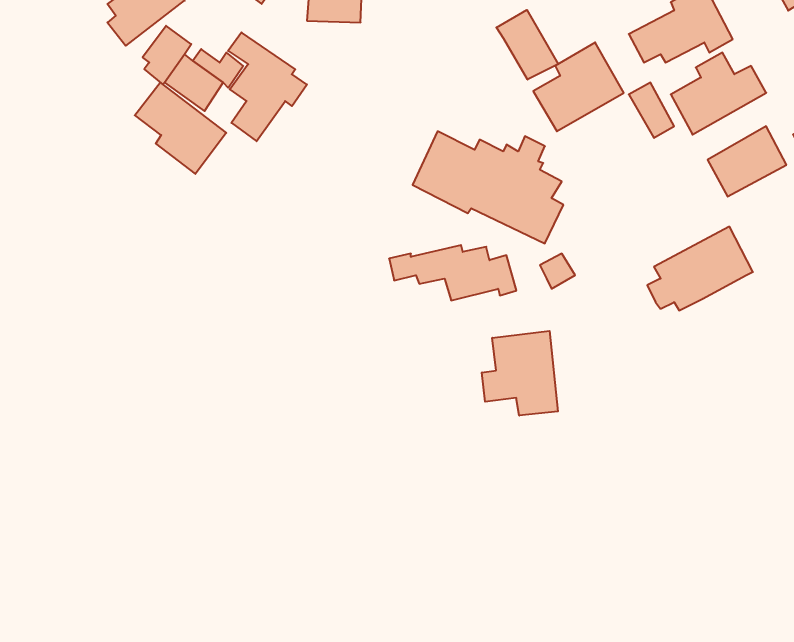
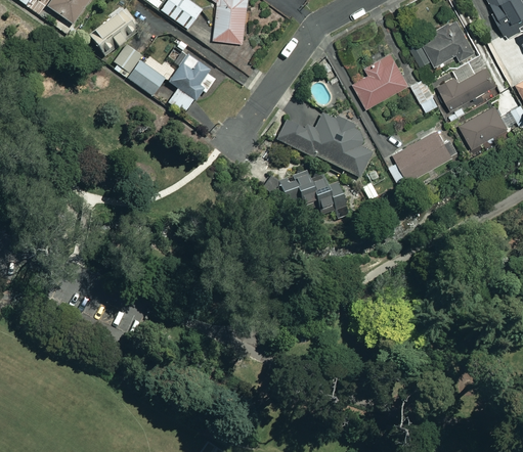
building: [496,10,558,80] -> none
building: [135,83,226,174] -> none
building: [647,227,753,310] -> [388,130,452,181]
building: [482,331,558,416] -> none

